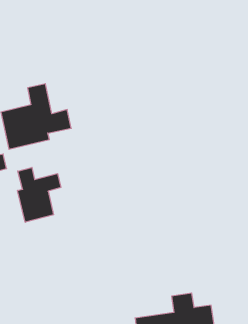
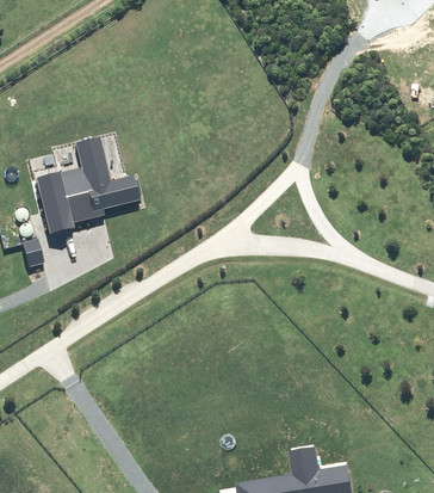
building: [18,167,61,222] -> none

